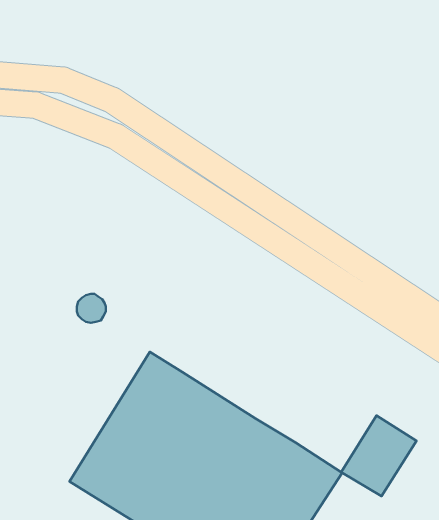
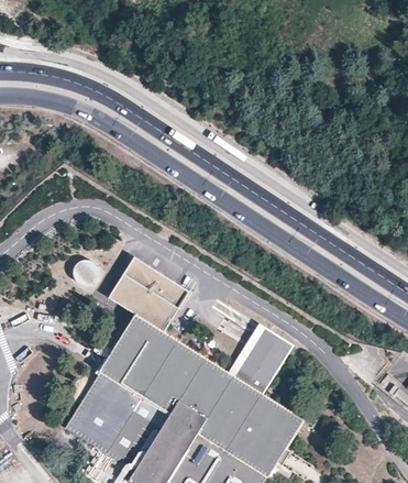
building: none -> [108,259,187,332]
building: [341,416,417,496] -> [227,323,293,394]

